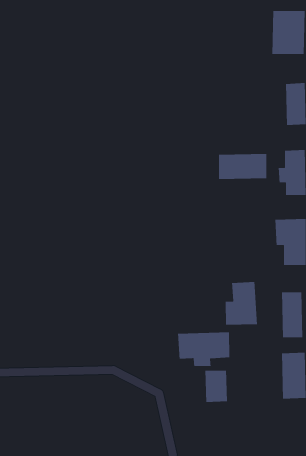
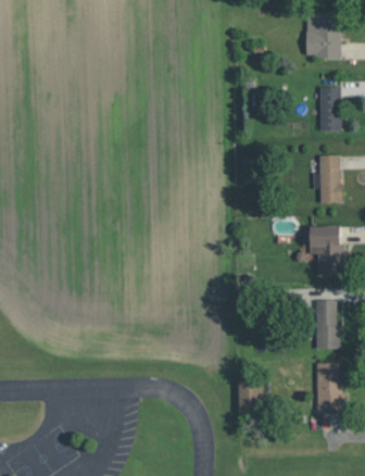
building: [218,153,267,180] -> none
building: [225,281,258,326] -> none
building: [177,332,230,367] -> none

